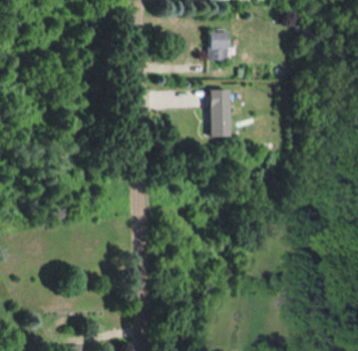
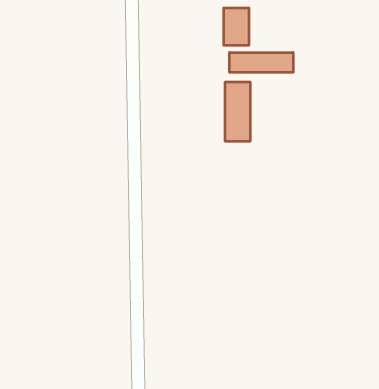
building: none -> [230,52,293,72]

